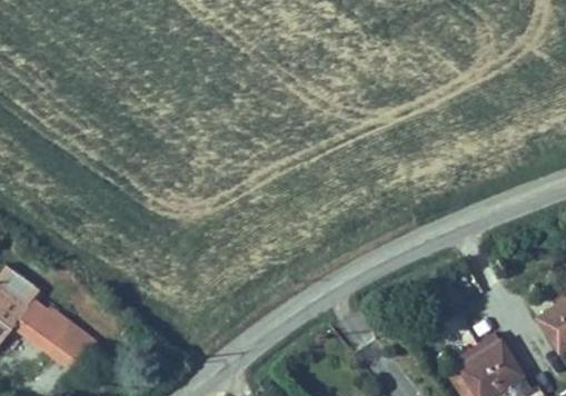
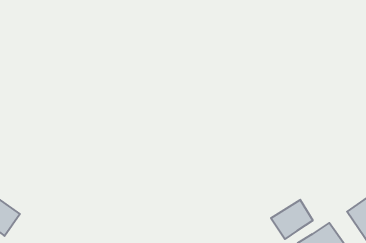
building: none -> [271,200,313,239]

